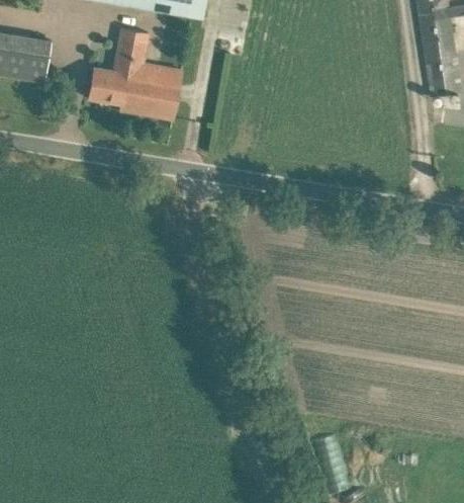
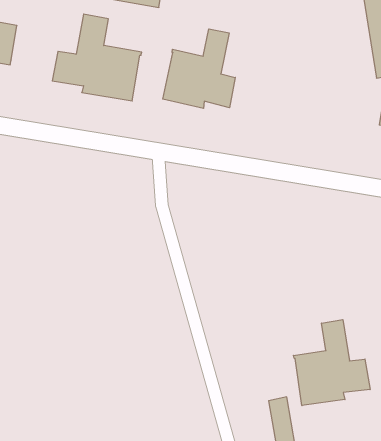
building: none -> [163,29,235,108]
building: none -> [293,320,370,406]

